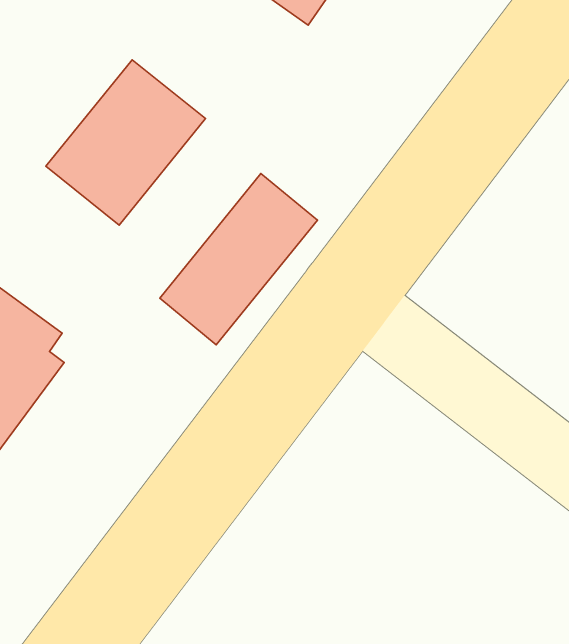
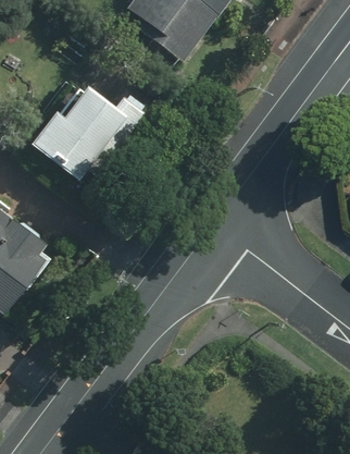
building: [160,173,317,345] -> none

